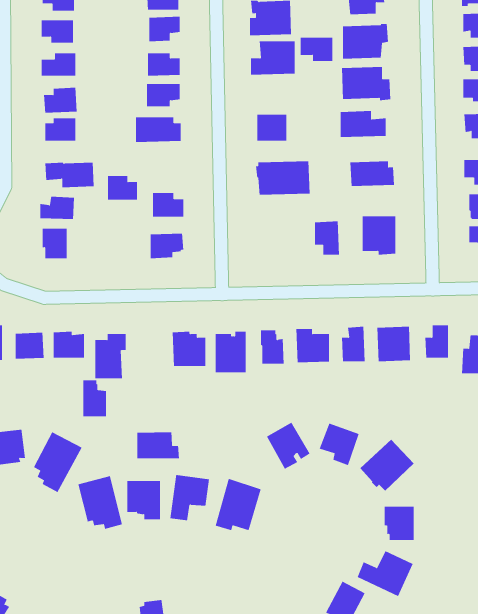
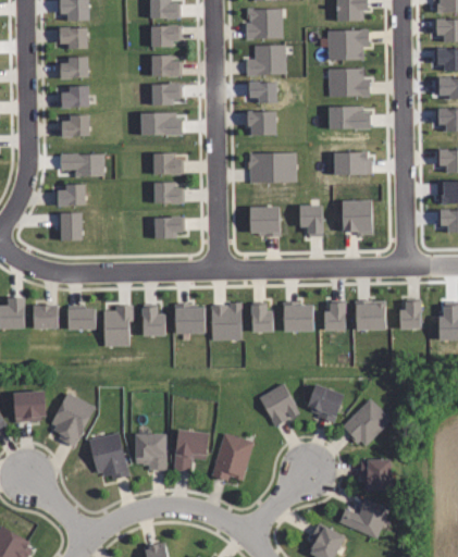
building: [300,37,333,62] -> [243,83,272,104]
building: [107,176,138,200] -> [157,151,184,173]
building: none -> [250,207,281,237]
building: [82,380,107,417] -> [144,305,165,337]
building: [137,431,179,459] -> none

